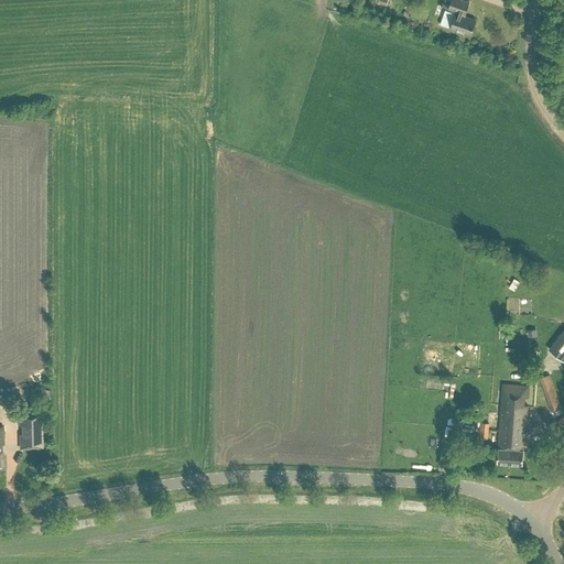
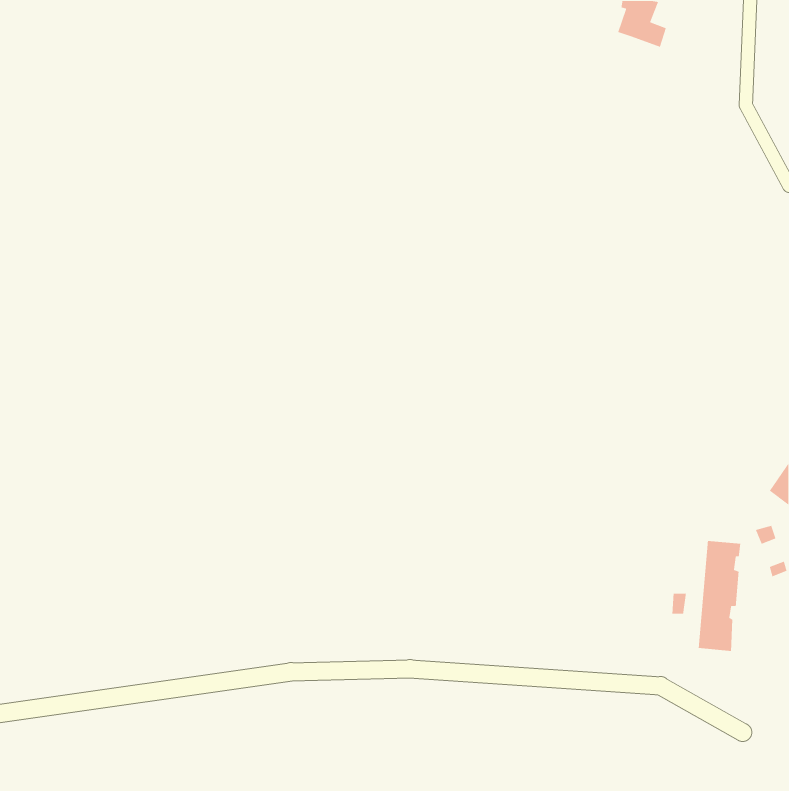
building: [19,410,40,446] -> none

